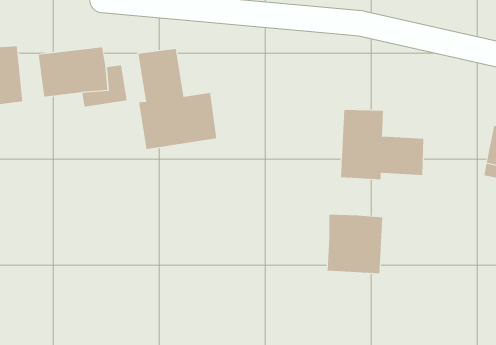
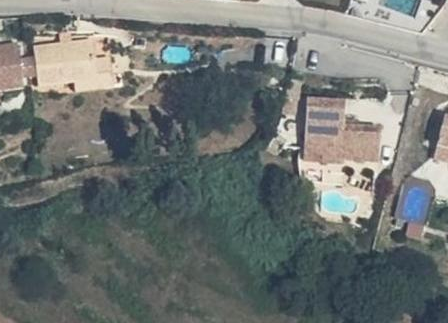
building: [138,48,217,150] -> none
building: [327,214,383,274] -> none

